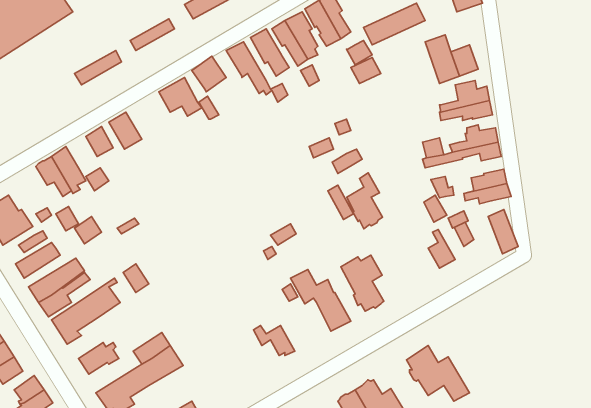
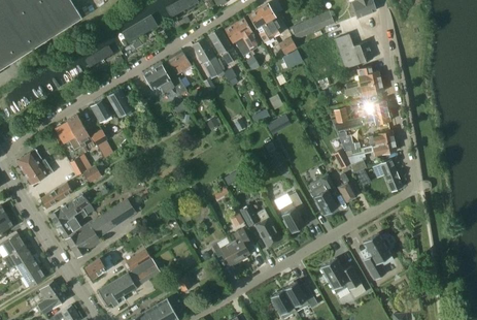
building: [347,173,382,229] -> [311,174,337,215]
building: none -> [231,228,251,261]
building: none -> [363,232,394,280]

